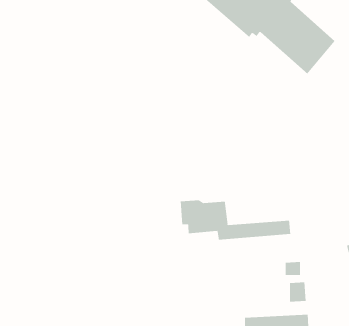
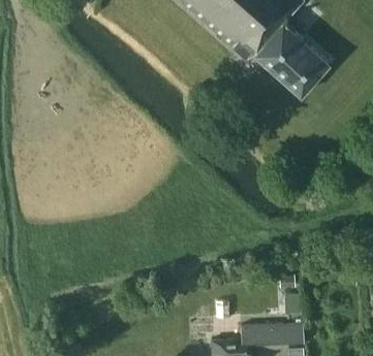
building: [180,200,291,241] -> none

